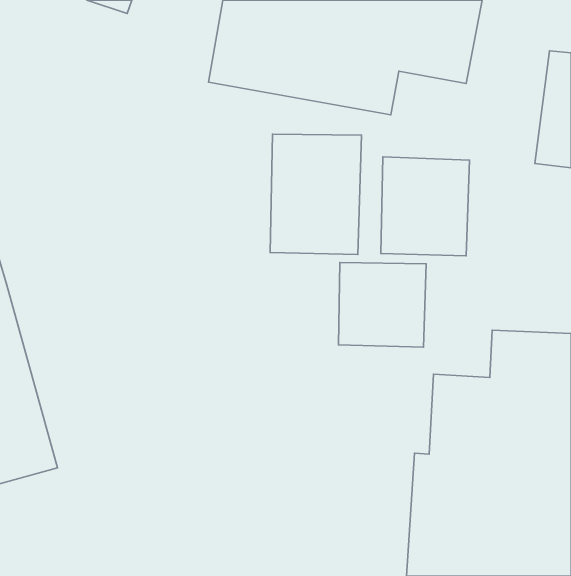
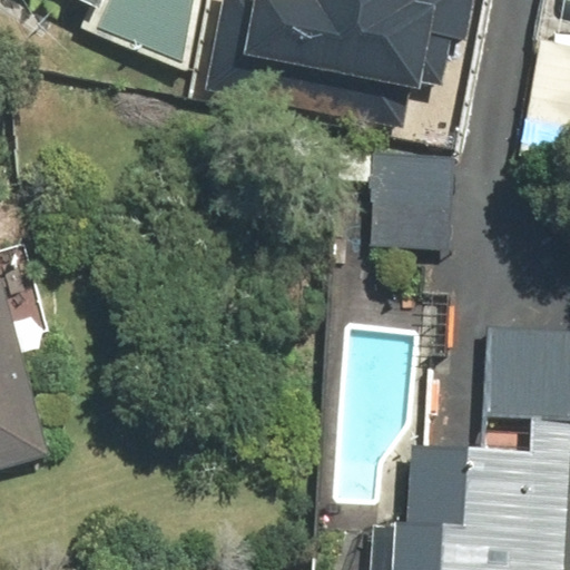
building: [270,134,361,255] -> none
building: [338,263,426,347] -> none

